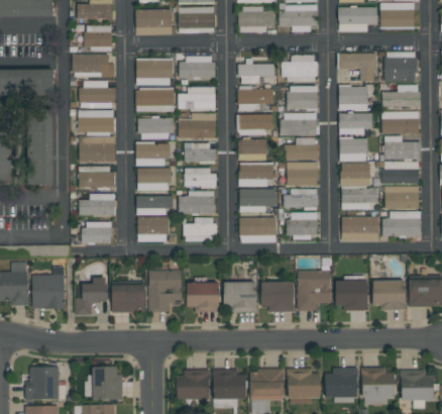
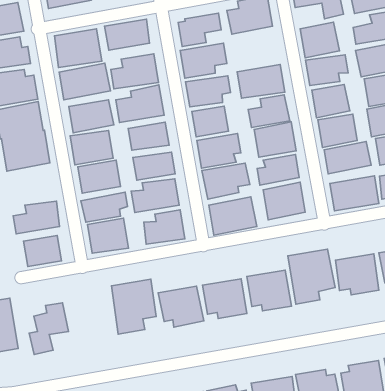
building: [288,86,318,110] -> none
building: [79,167,114,188] -> none
building: [112,284,146,313] -> none

